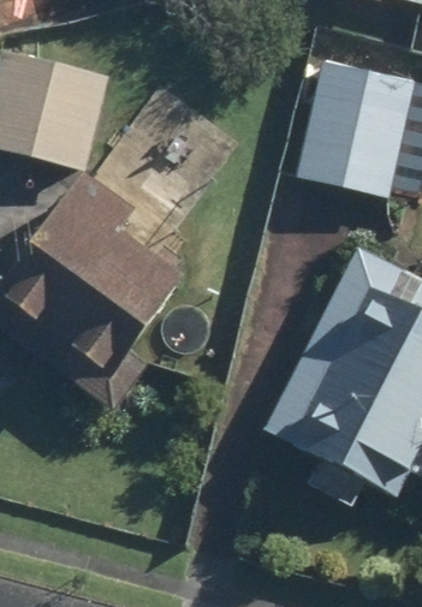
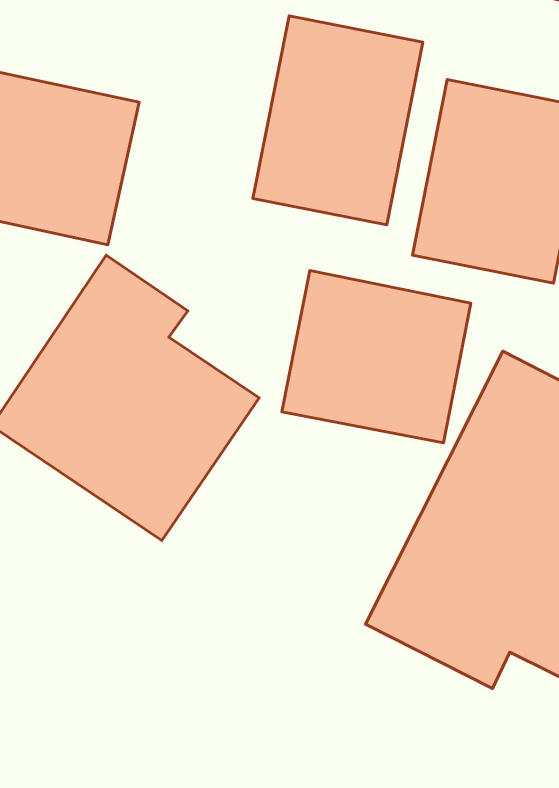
building: none -> [253,16,423,225]
building: none -> [282,270,471,443]

